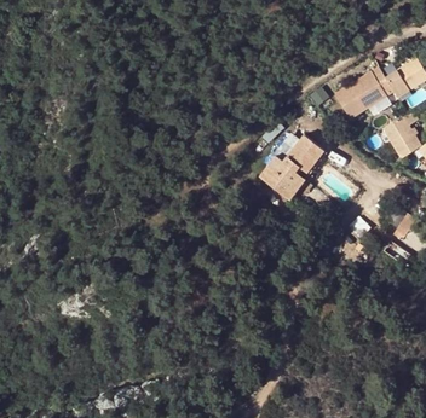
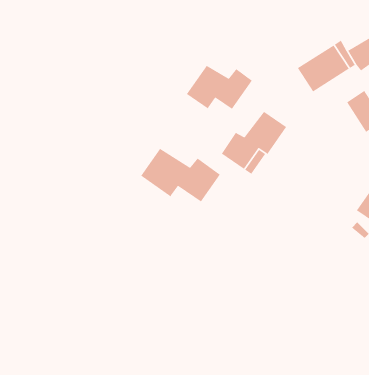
building: none -> [186,65,253,110]
building: none -> [140,148,221,203]

